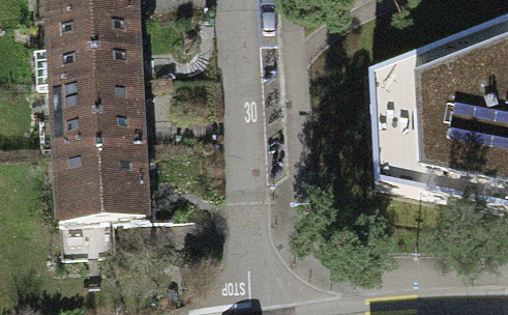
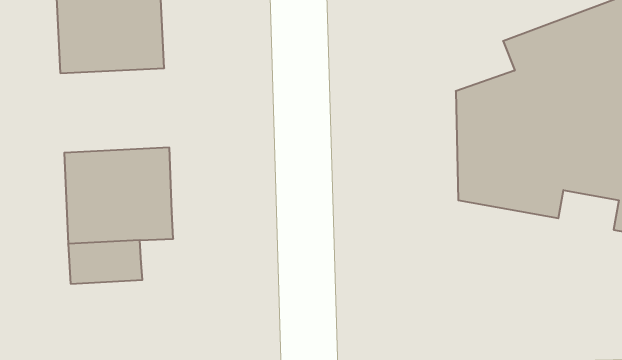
building: [54,73,142,141] -> none

